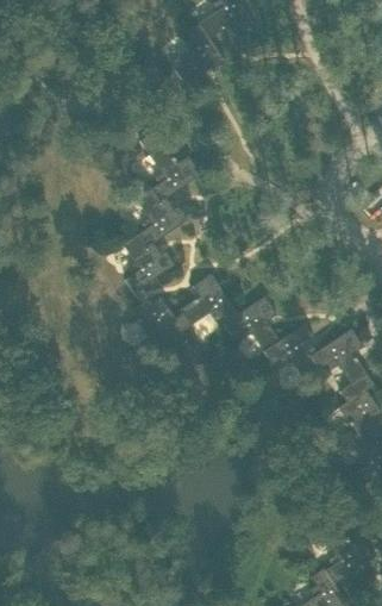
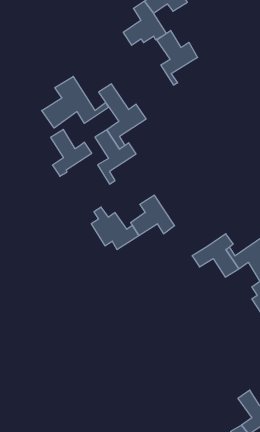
building: none -> [157,30,198,85]
building: none -> [42,76,109,128]
building: [123,233,176,294] -> [51,129,92,176]
building: [225,295,281,351] -> none

